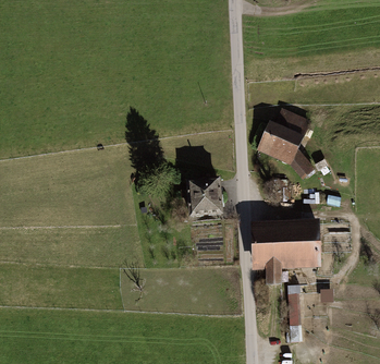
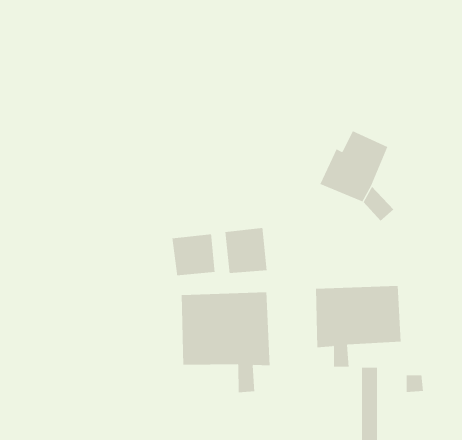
building: none -> [172,234,215,276]
building: none -> [181,291,270,393]

